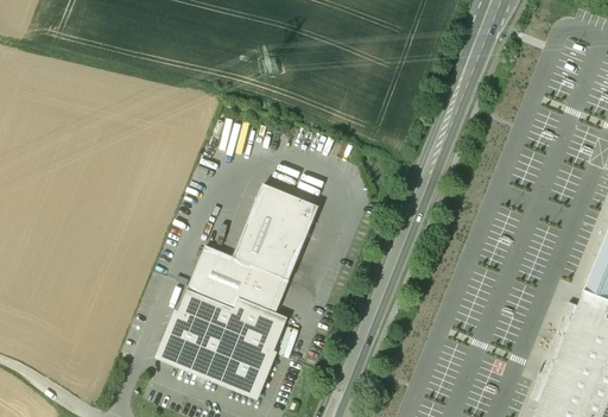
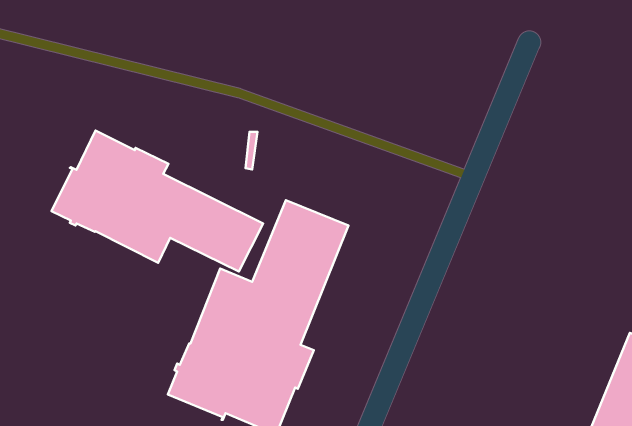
building: none -> [52,130,263,272]

